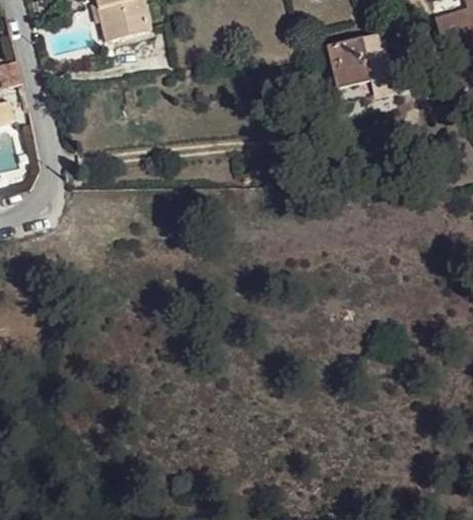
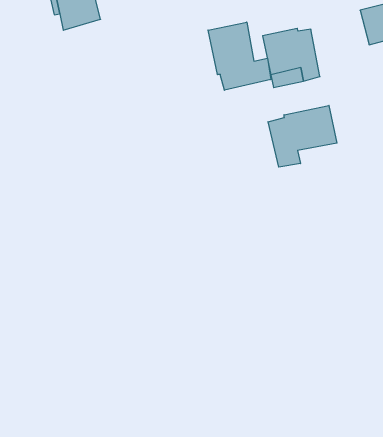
building: none -> [208,22,271,90]
building: none -> [268,105,337,167]

